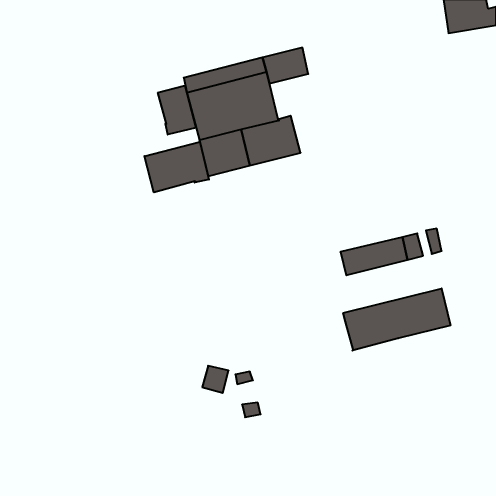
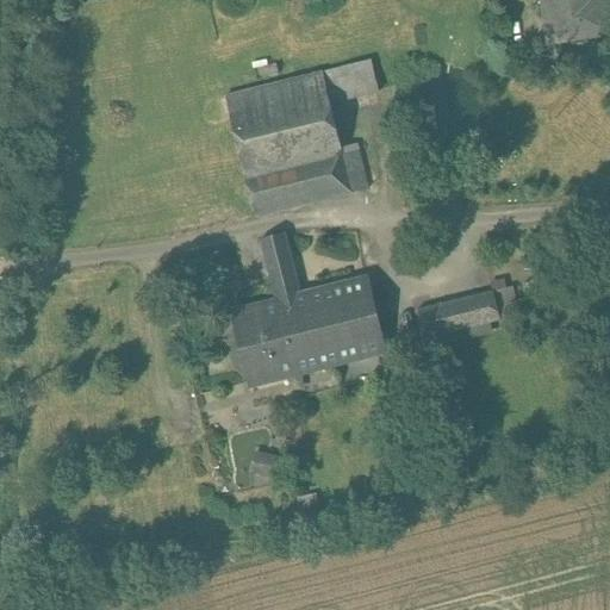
building: [158,85,196,135] -> none
building: [144,142,209,192] -> none
building: none -> [234,232,382,381]
building: [343,288,450,351] -> none

